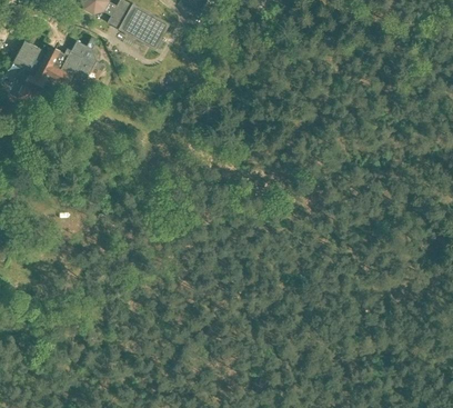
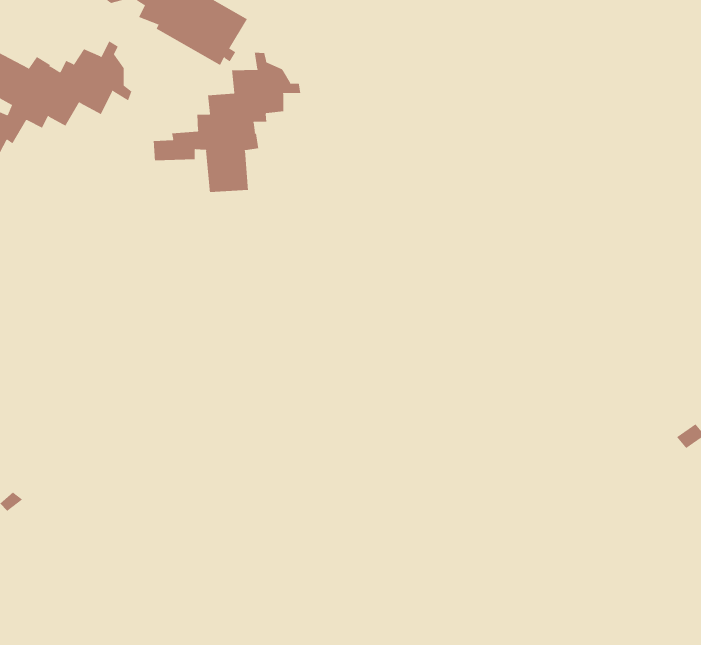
building: none -> [153,52,301,193]

